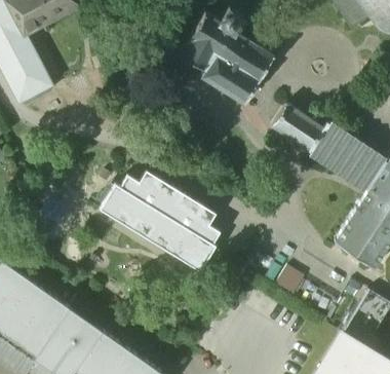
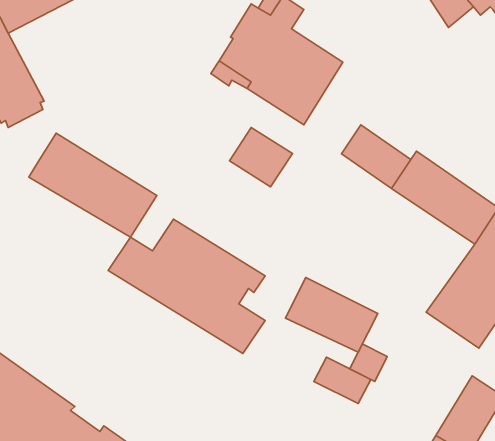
building: none -> [229,127,292,187]
building: none -> [29,133,157,237]
building: none -> [285,278,378,352]
building: none -> [314,357,371,403]

